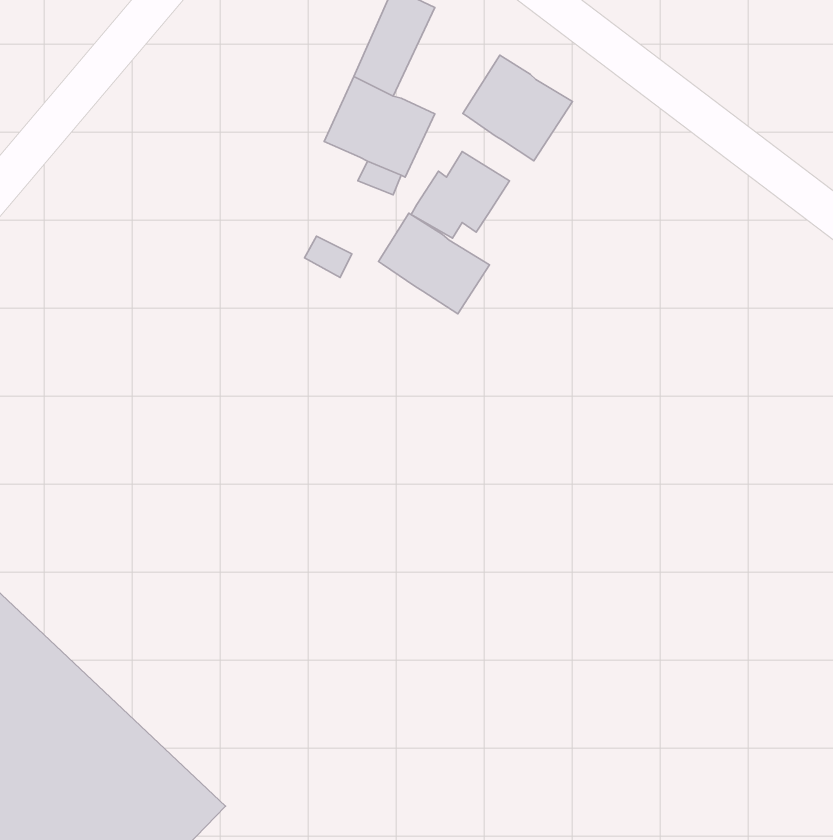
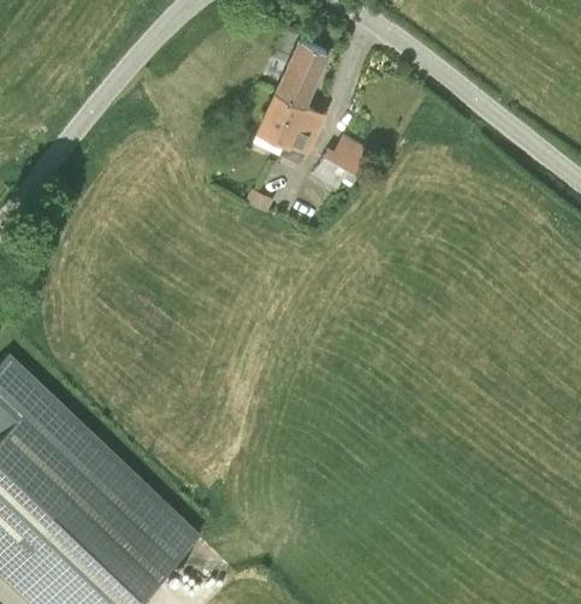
building: [463,55,573,161] -> none
building: [379,213,490,314] -> none

